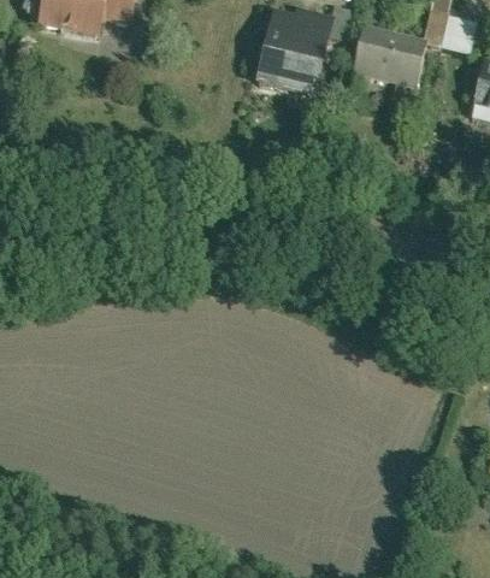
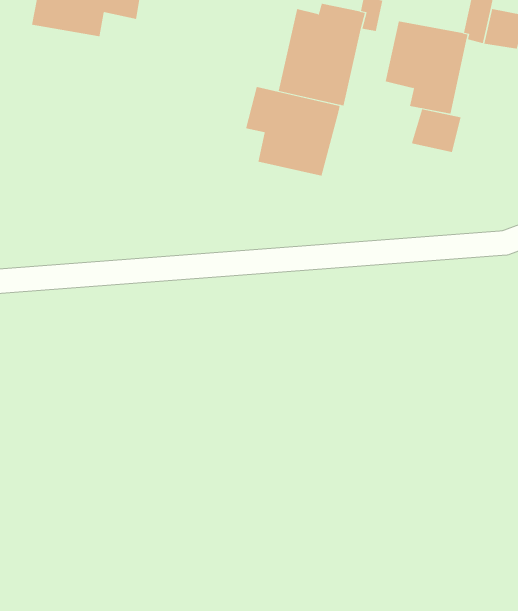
building: none -> [246,86,340,177]
building: none -> [411,109,461,153]

